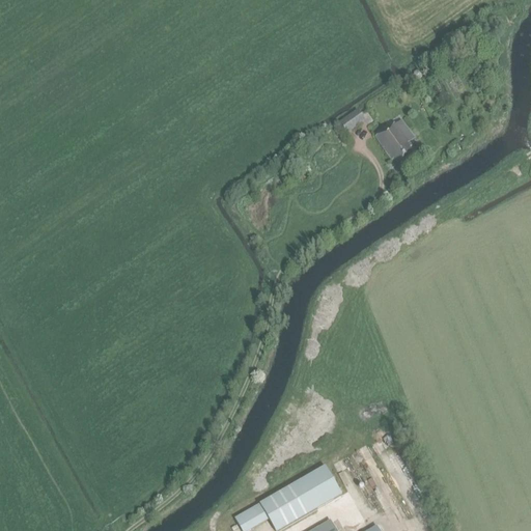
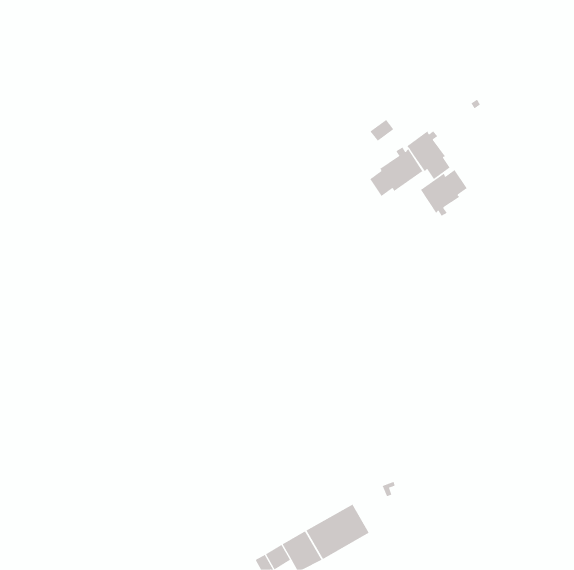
building: none -> [370,146,423,197]
building: none -> [420,169,467,216]

